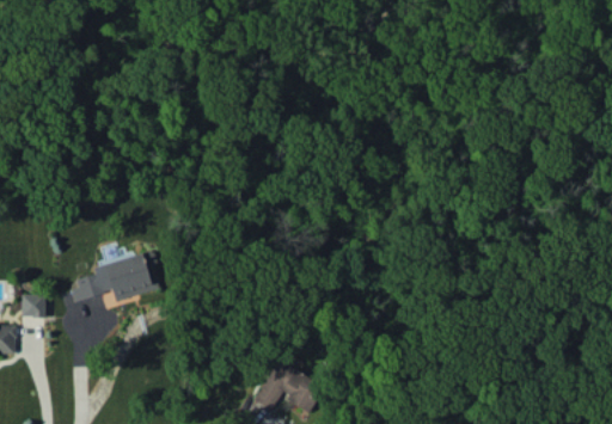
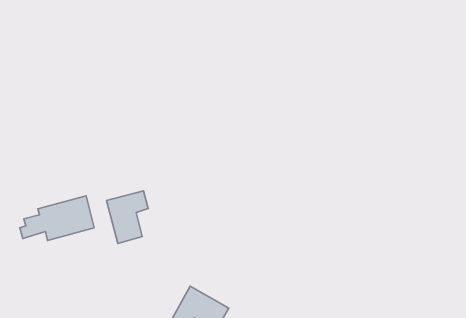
building: none -> [106,191,148,243]

